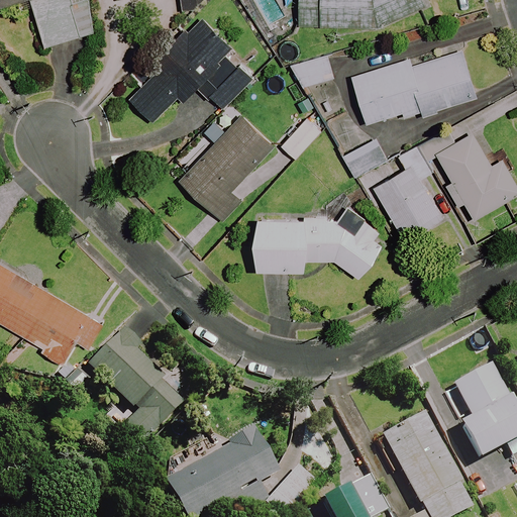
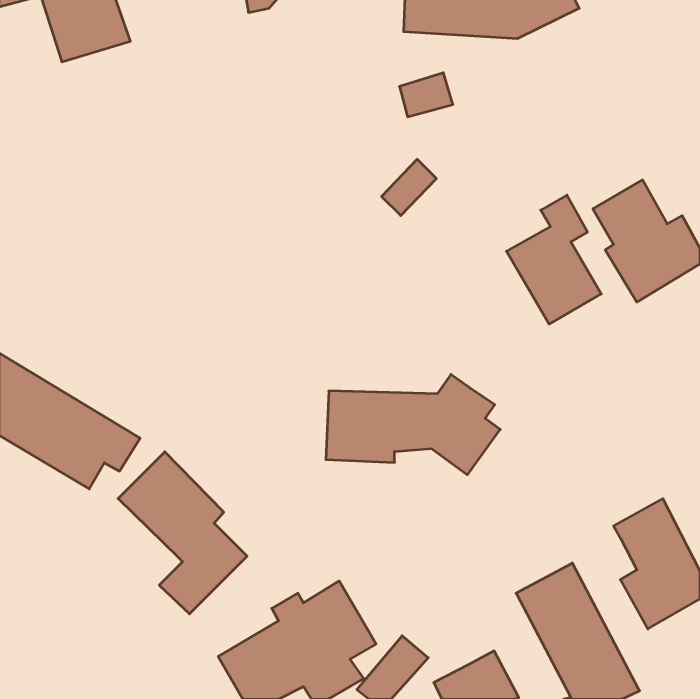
building: [125,16,251,121] -> none
building: [351,49,476,123] -> none
building: [182,115,275,220] -> none
building: [342,136,388,177] -> none
building: [255,205,384,279] -> [326,374,500,475]

